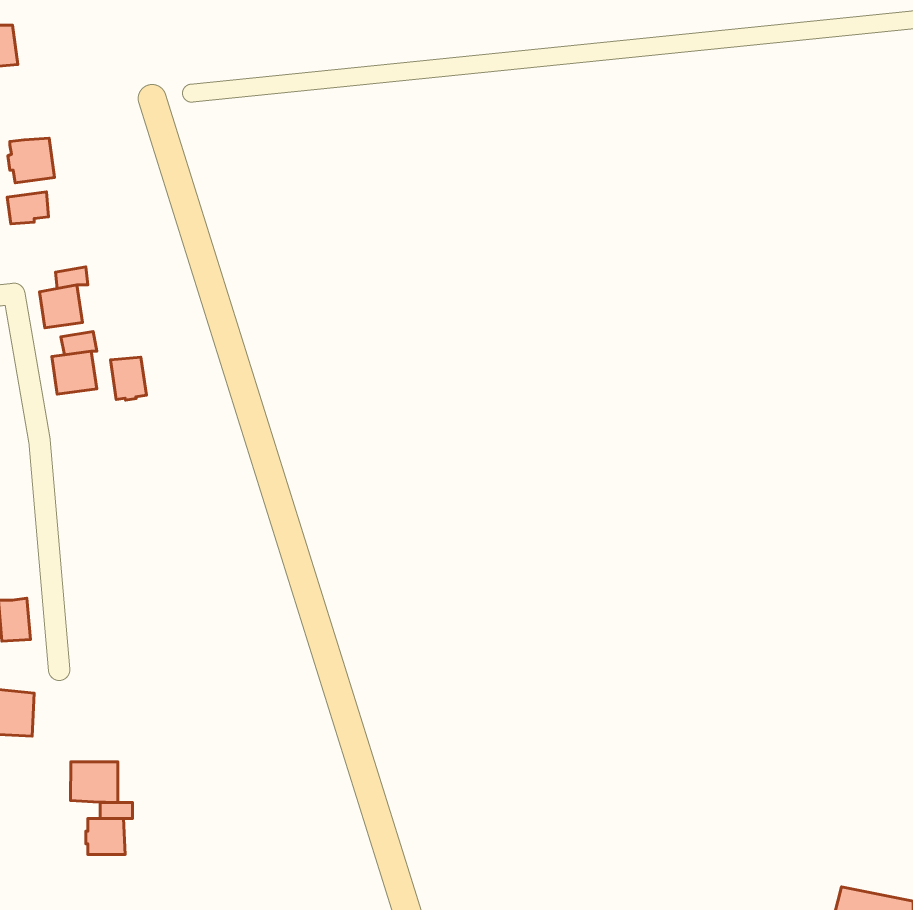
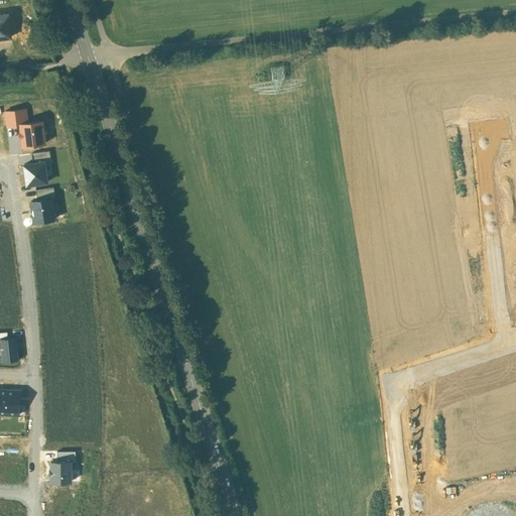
building: [8,138,54,183] -> [18,124,44,149]
building: [110,357,146,400] -> none
building: [70,762,118,803] -> none

